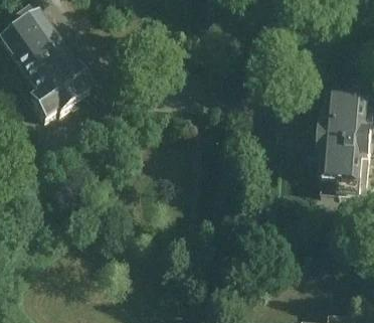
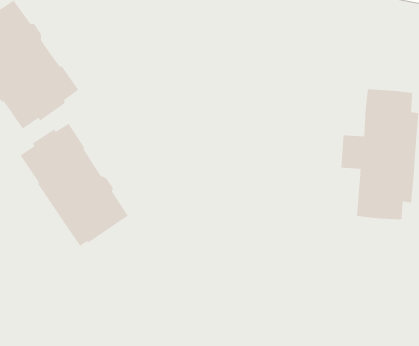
building: none -> [20,123,129,247]

